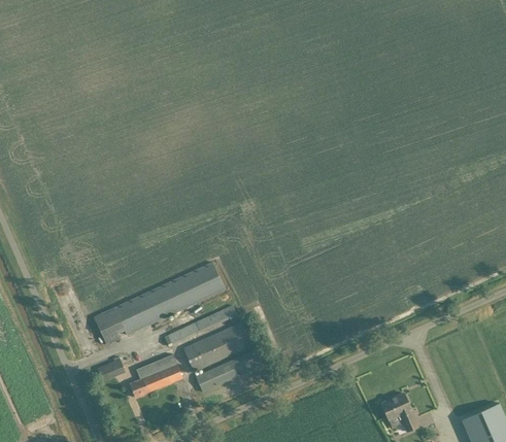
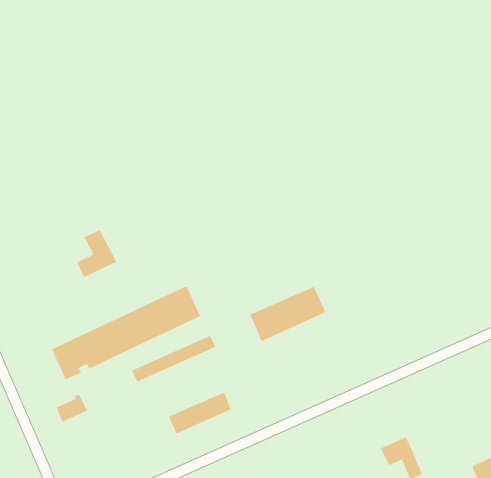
building: none -> [76,229,117,278]
building: [183,322,250,371] -> [249,286,326,342]
building: [130,355,182,398] -> none

